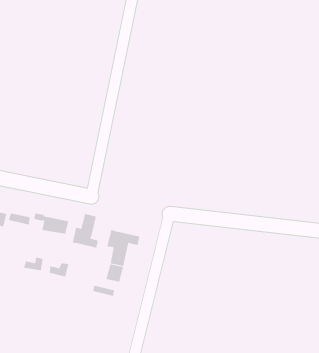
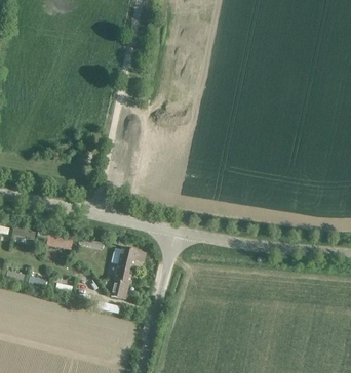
building: [72,213,99,249] -> none

